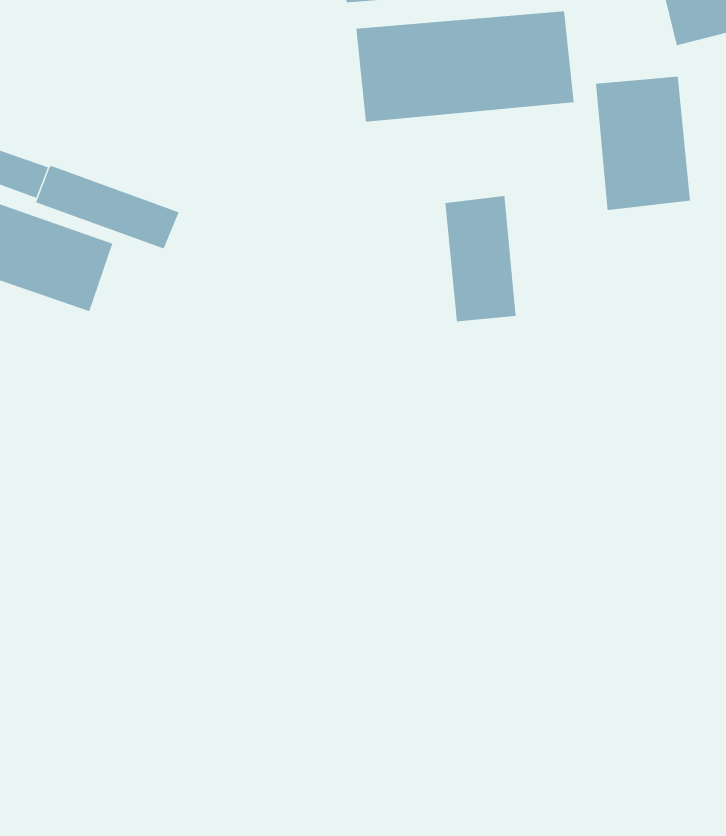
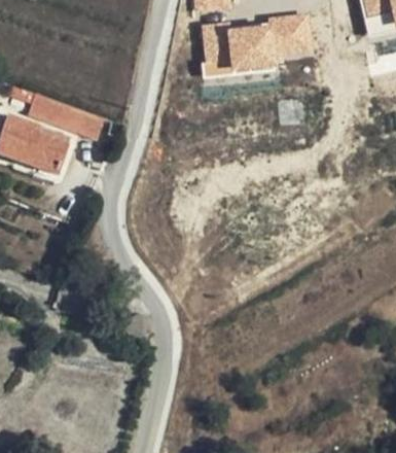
building: [595,76,690,211] -> none
building: [445,195,516,322] -> none

